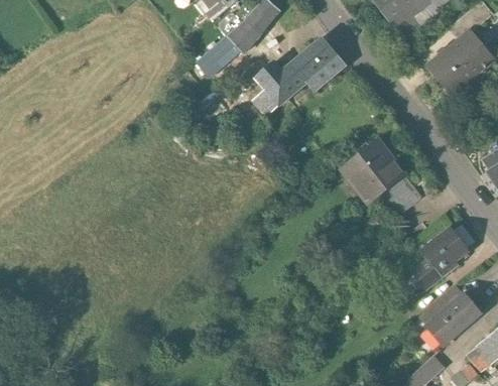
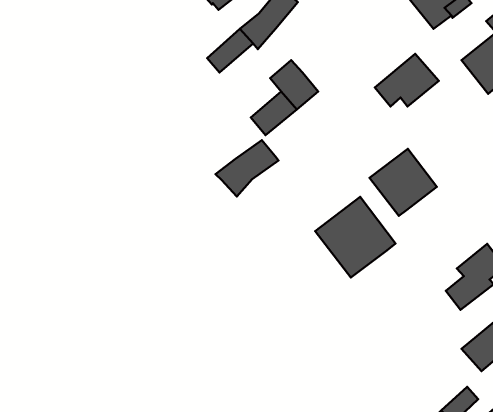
building: [284,42,342,90] -> [375,54,439,106]
building: none -> [216,140,279,196]
building: [378,175,422,218] -> none
building: none -> [315,197,396,278]

